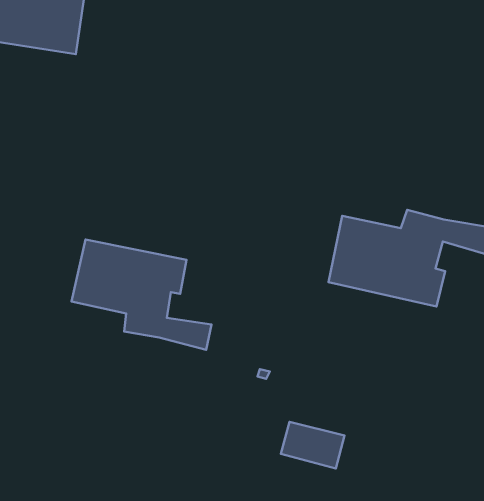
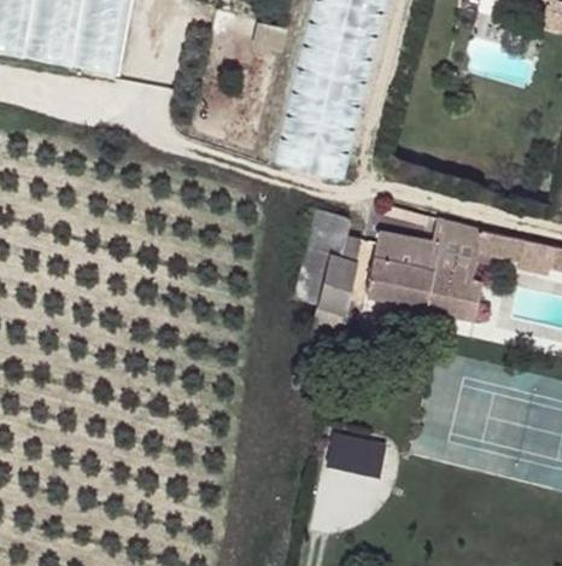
building: none -> [293,210,357,326]
building: [72,239,212,350] -> none

